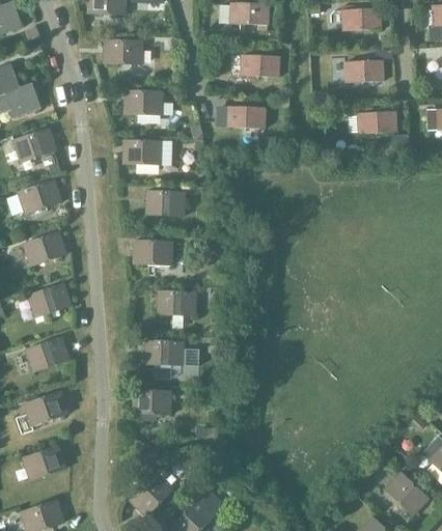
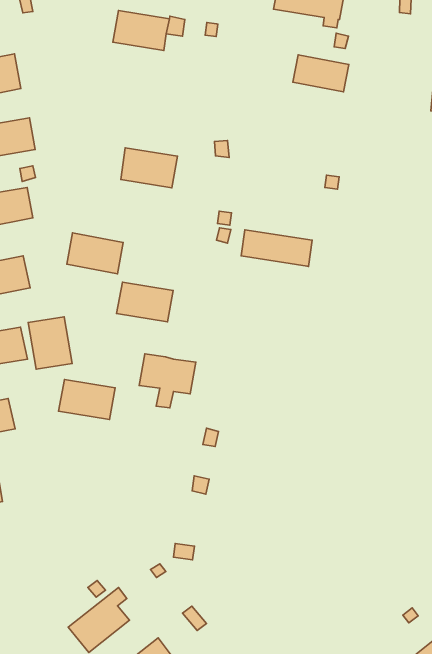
building: [123,89,163,115] -> none
building: [216,105,267,125] -> [241,230,312,266]
building: [146,190,186,216] -> [67,233,123,274]
building: none -> [28,317,72,369]
building: [145,340,185,365] -> [59,380,115,419]
building: [133,389,172,420] -> none

